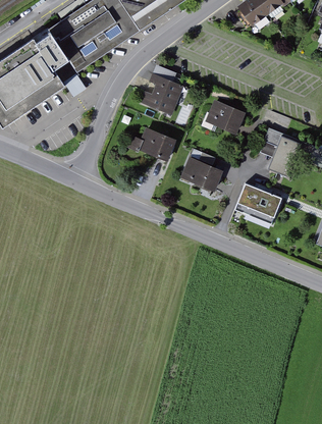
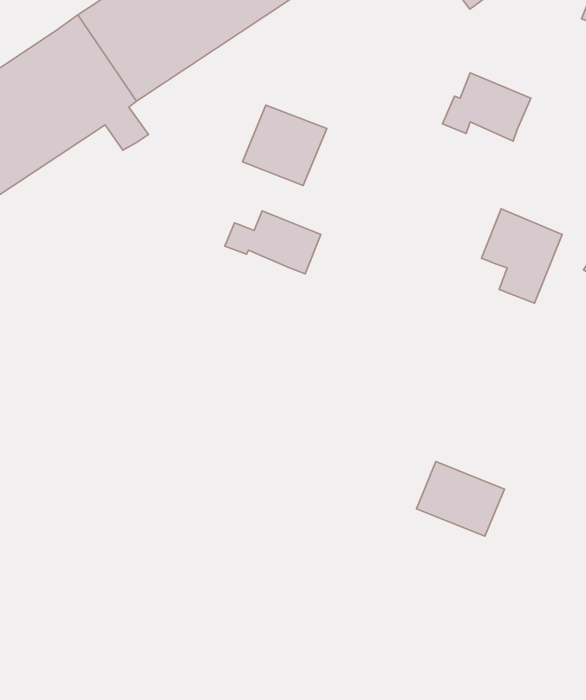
building: [202,99,248,135] -> [443,73,531,141]
building: [181,157,224,193] -> none
building: [236,184,282,223] -> [416,462,505,536]

